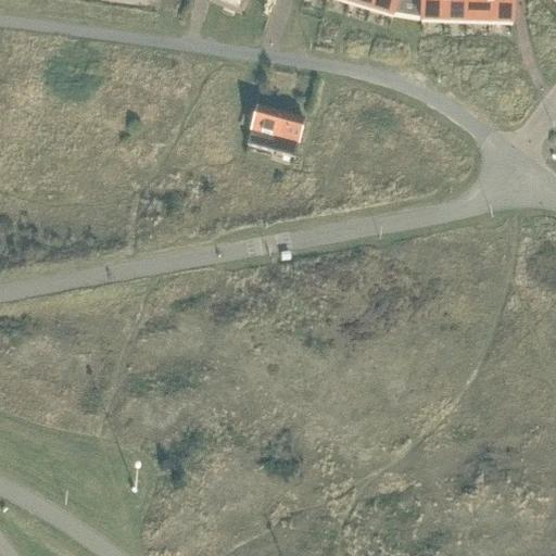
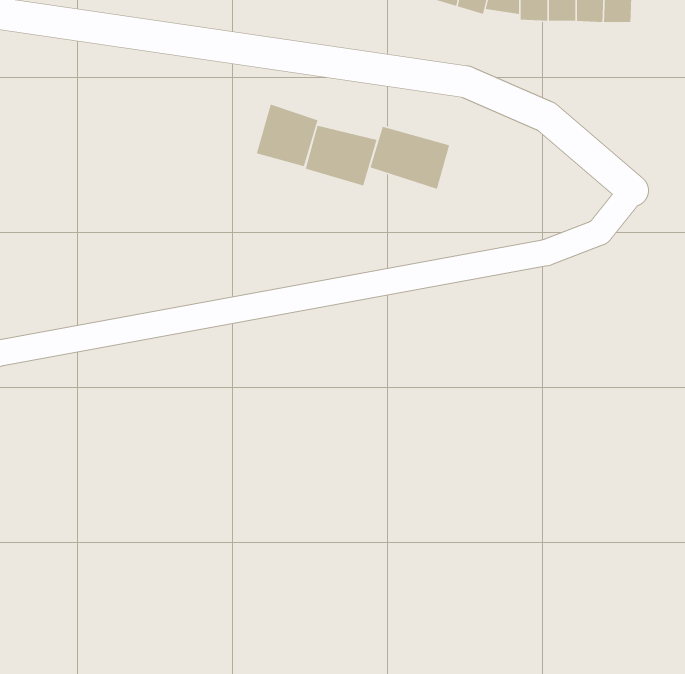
building: none -> [256,104,318,167]
building: none -> [369,126,450,190]

